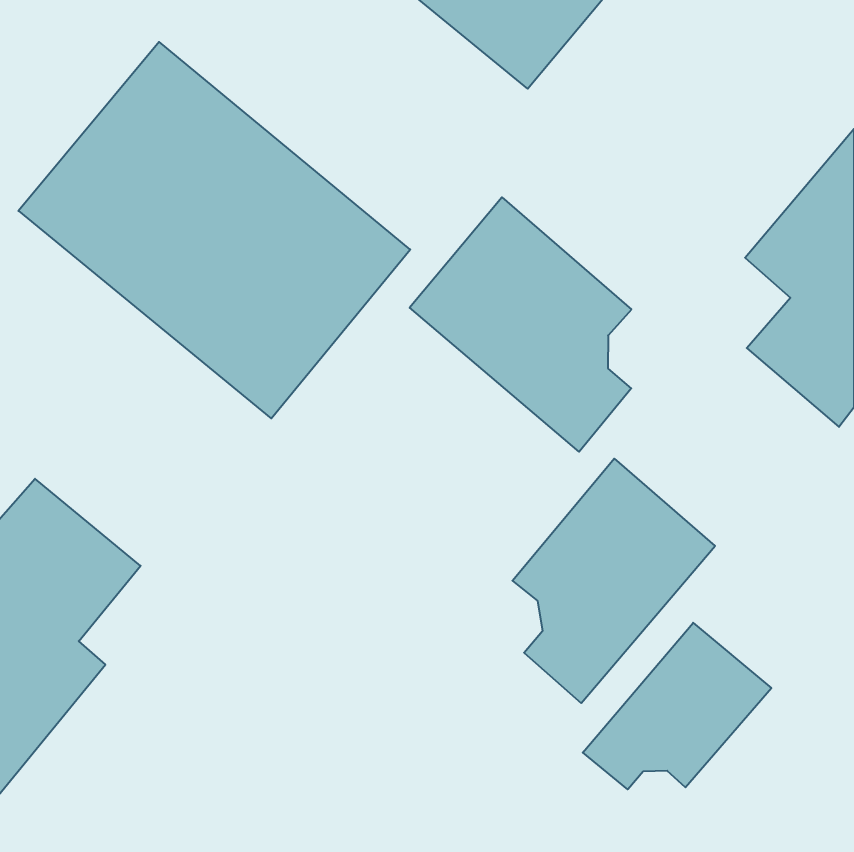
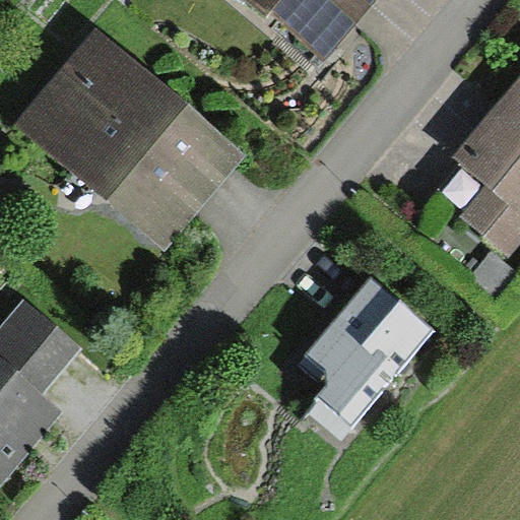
building: [410,197,631,452] -> none
building: [583,623,771,789] -> none

